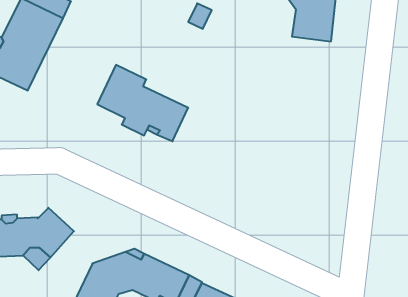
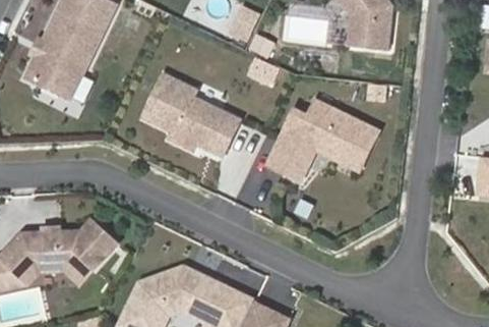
building: none -> [266,98,375,175]

